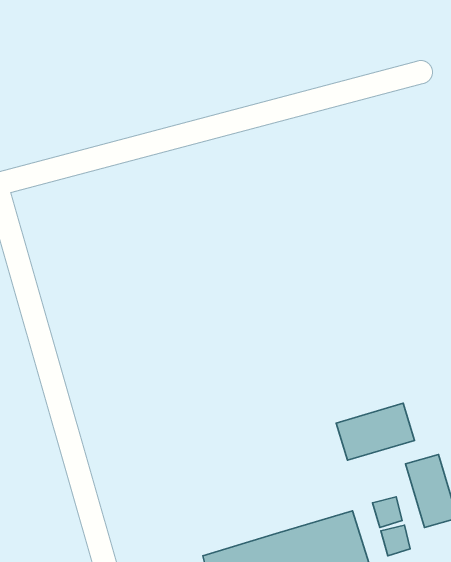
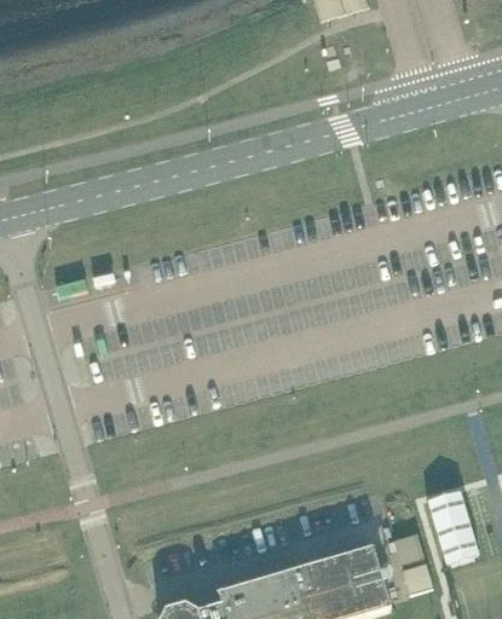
building: [336,403,414,460] -> none

